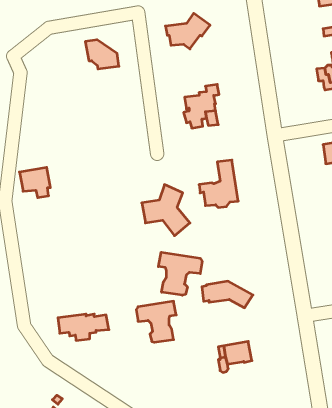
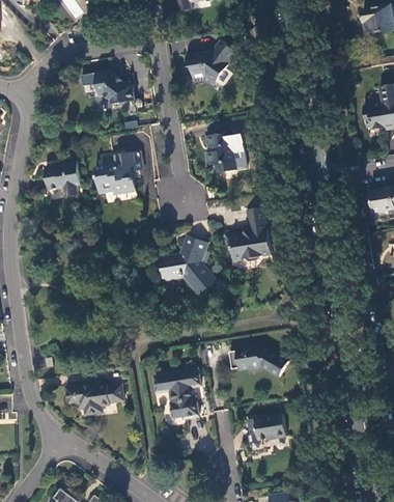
building: none -> [97,151,144,193]
building: [19,167,50,198] -> [47,162,82,196]
building: [158,252,202,295] -> none

